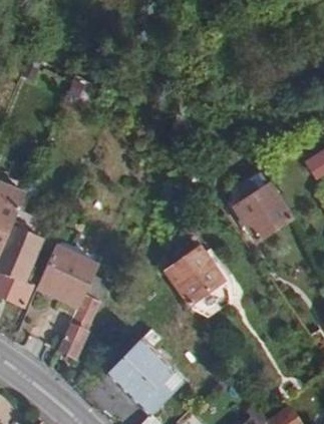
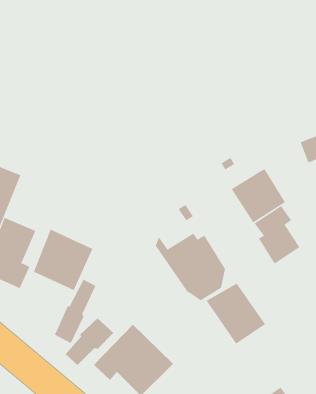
building: none -> [254,205,300,264]
building: none -> [206,283,266,344]
building: none -> [65,317,114,366]

